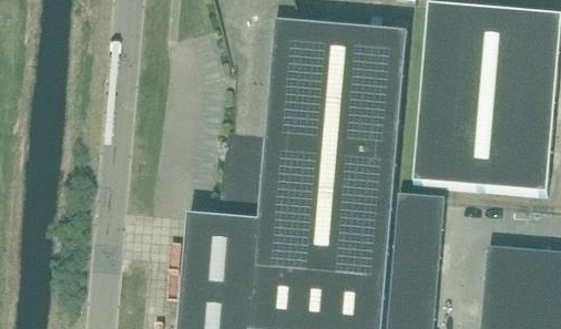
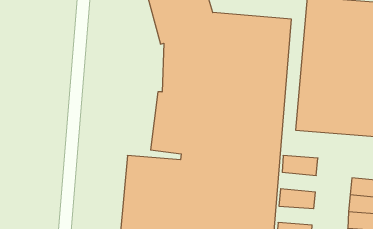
building: [397,192,446,217] -> none
building: [394,236,441,263] -> none
building: [390,281,438,307] -> none

